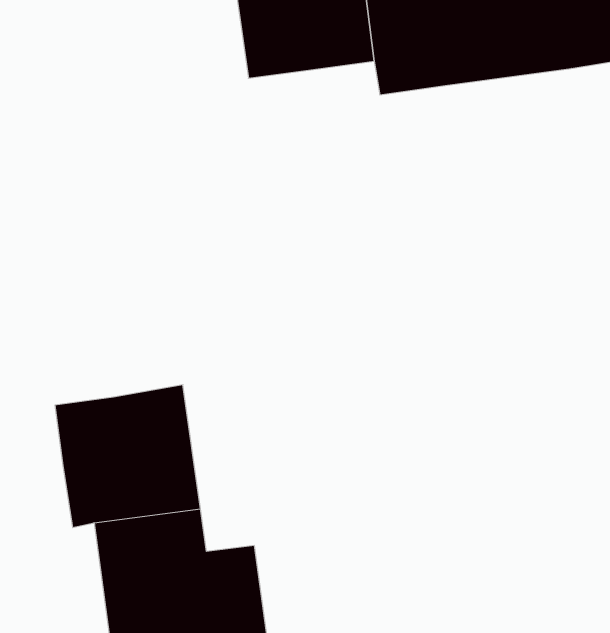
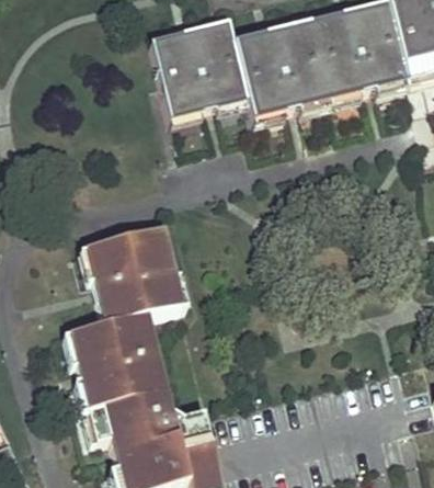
building: none -> [85,225,183,324]

